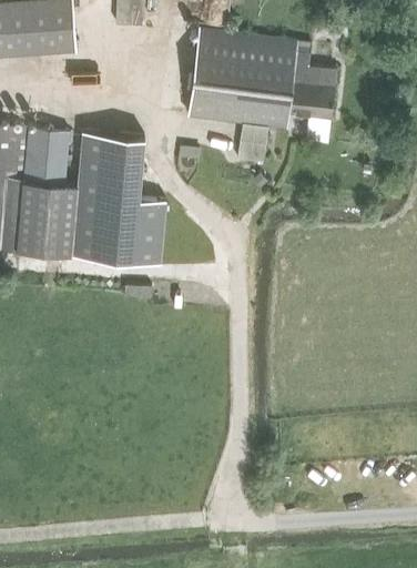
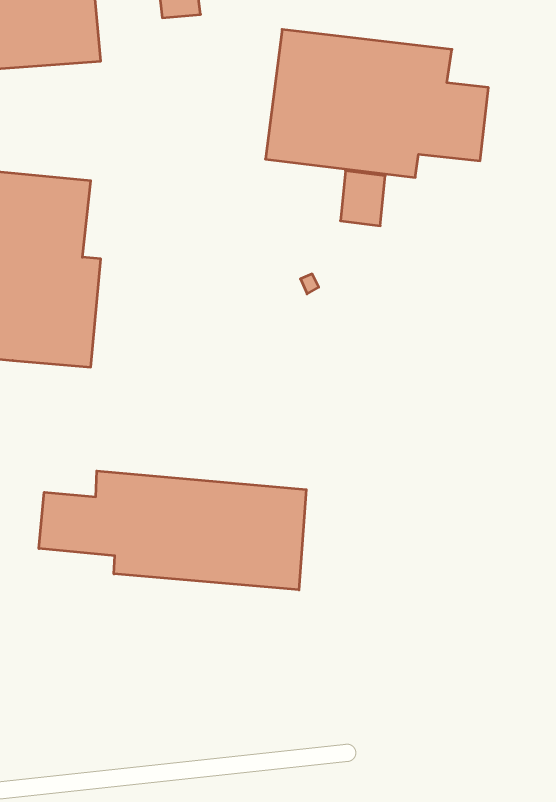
building: [71,133,165,265] -> none
building: none -> [39,471,306,590]

